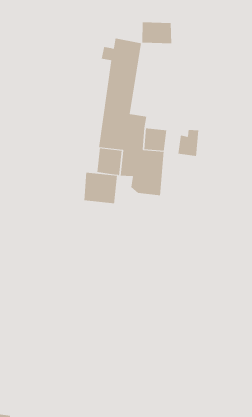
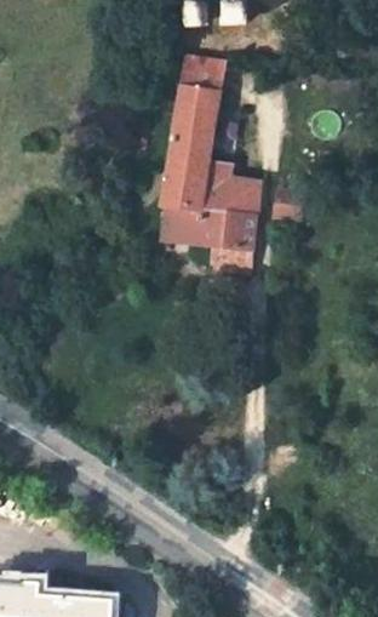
building: [142,22,172,44] -> none
building: [84,172,118,204] -> none

